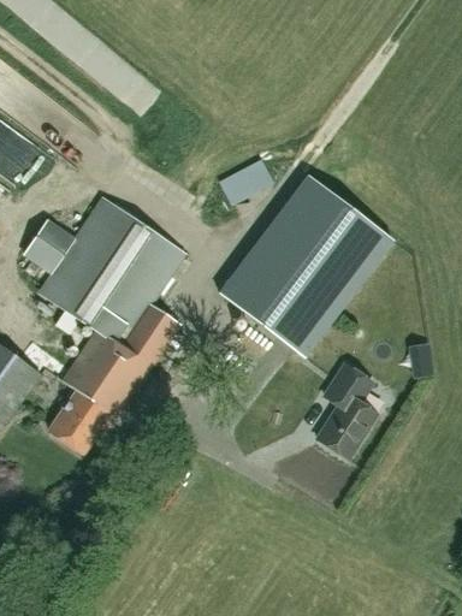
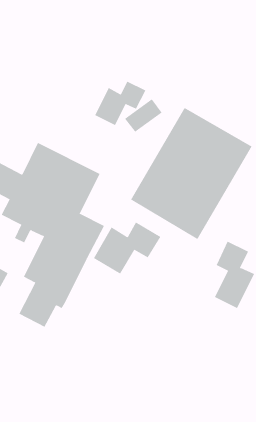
building: none -> [95,81,146,126]
building: none -> [93,222,161,275]

